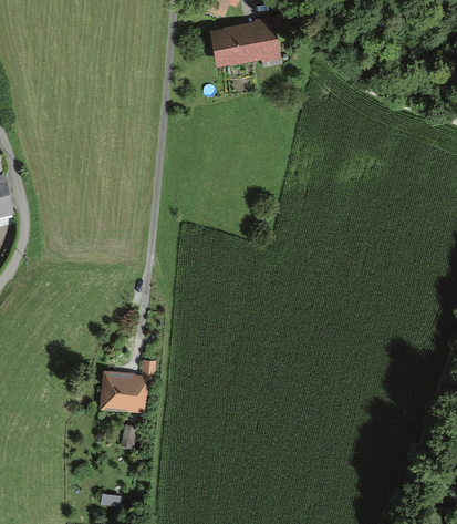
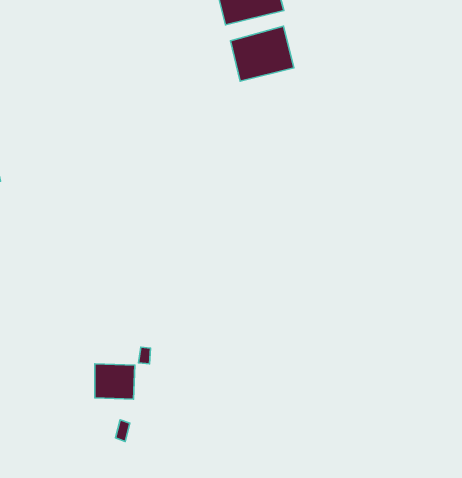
building: none -> [230,26,294,81]

